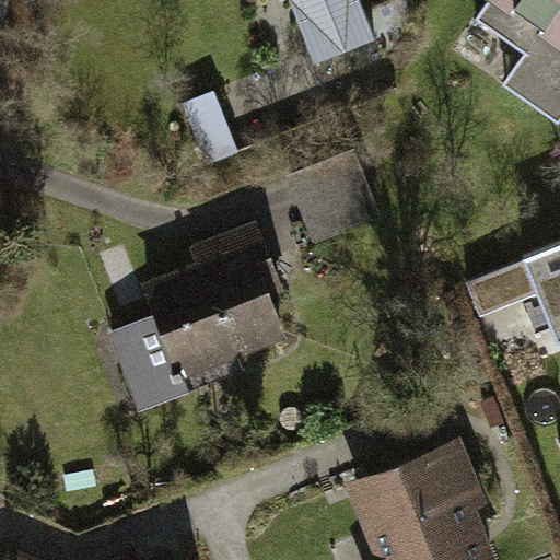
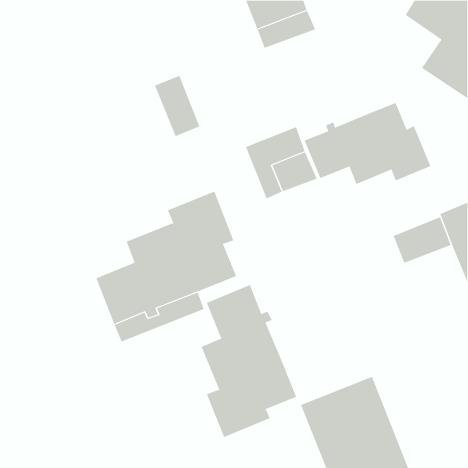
building: none -> [304,102,431,185]
building: none -> [201,284,297,438]

